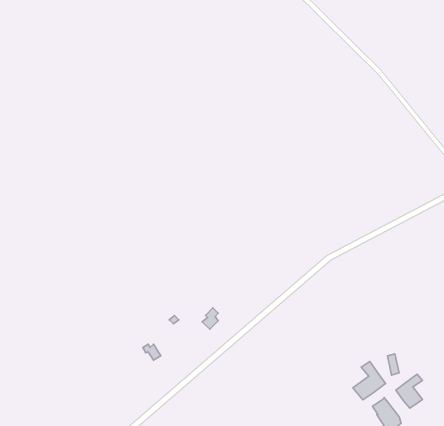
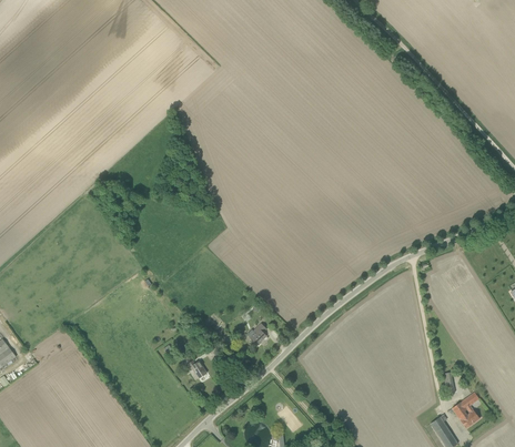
building: [353,362,386,400] -> none

